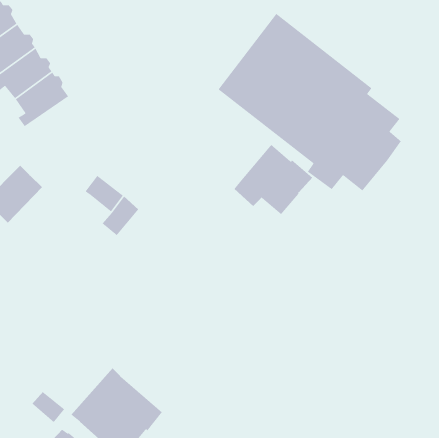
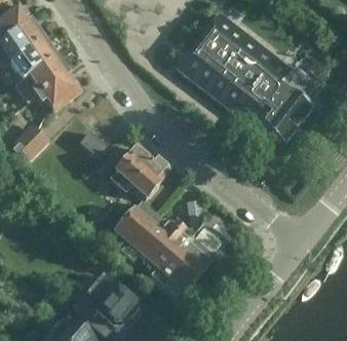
building: none -> [35,73,80,110]
building: [234,144,313,215] -> [110,146,168,198]
building: none -> [114,202,228,301]

